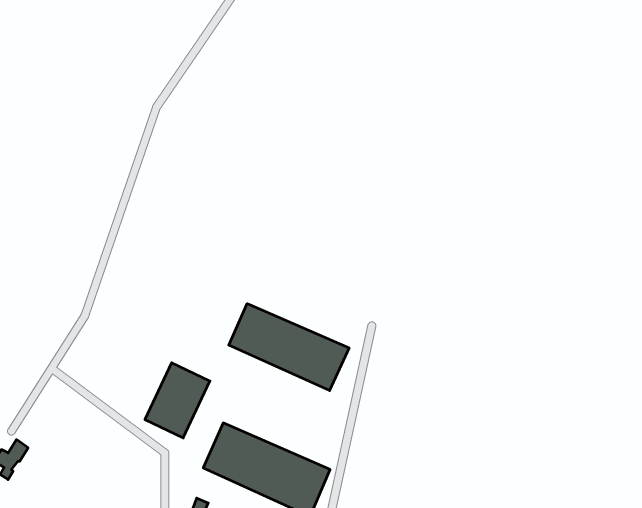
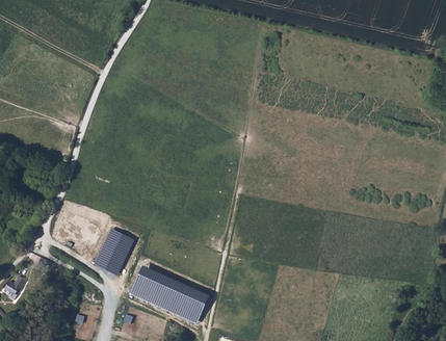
building: [229,304,349,391] -> none

